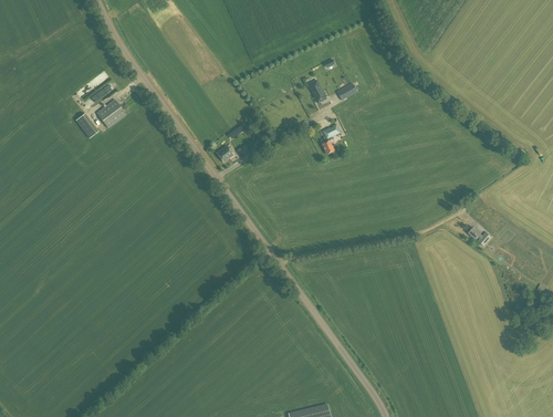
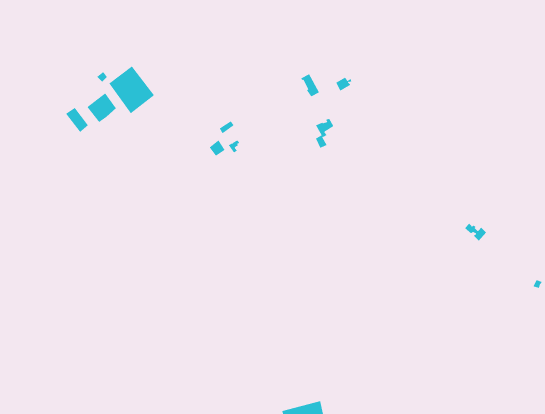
building: none -> [109,65,155,114]

